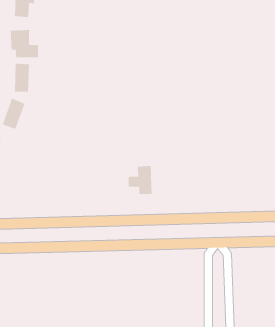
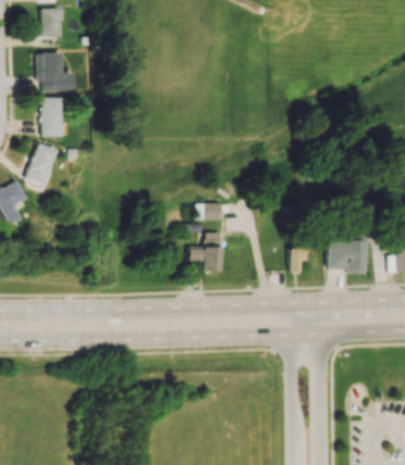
building: none -> [197,203,223,221]
building: none -> [328,239,367,275]
building: none -> [290,244,308,273]

